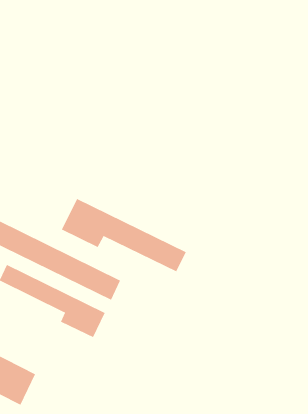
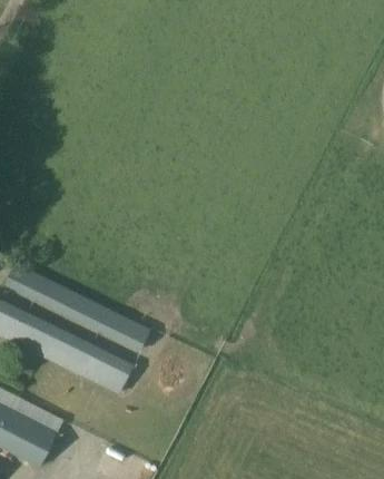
building: [61,198,186,272] -> none

